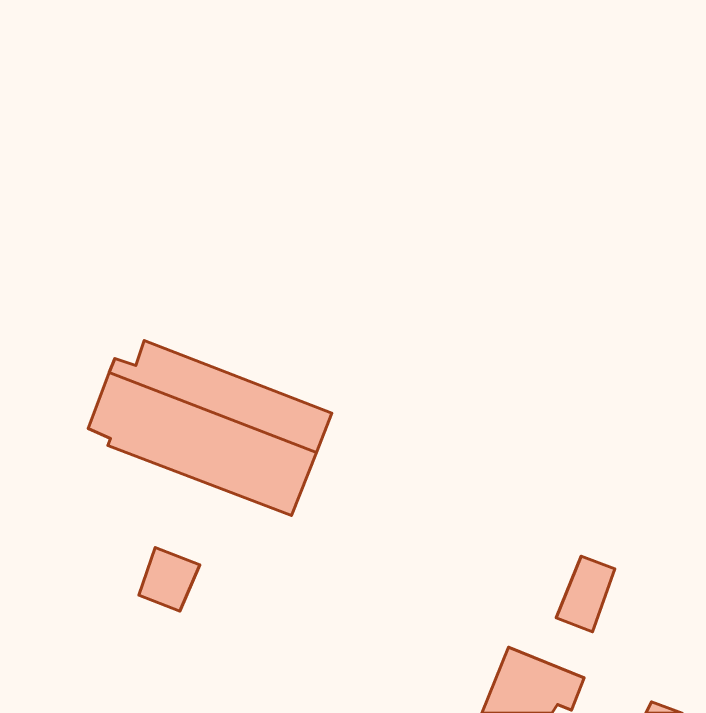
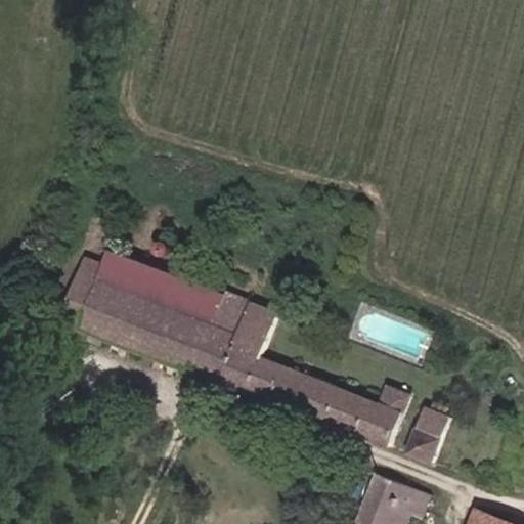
building: none -> [213,302,406,444]
building: [139,548,200,611] -> none

